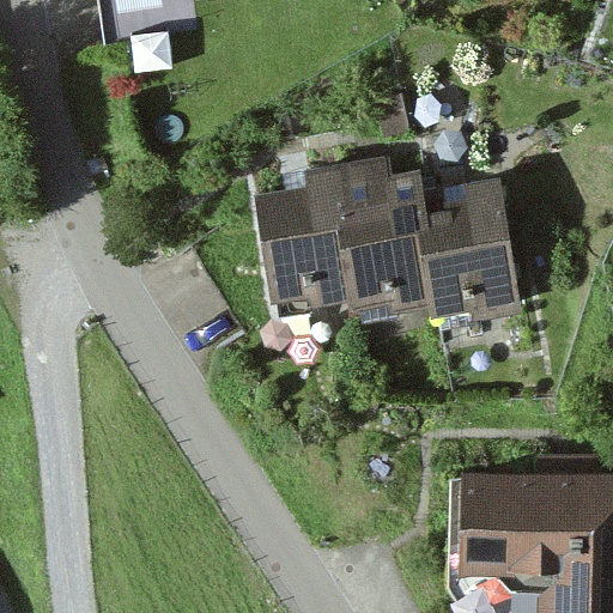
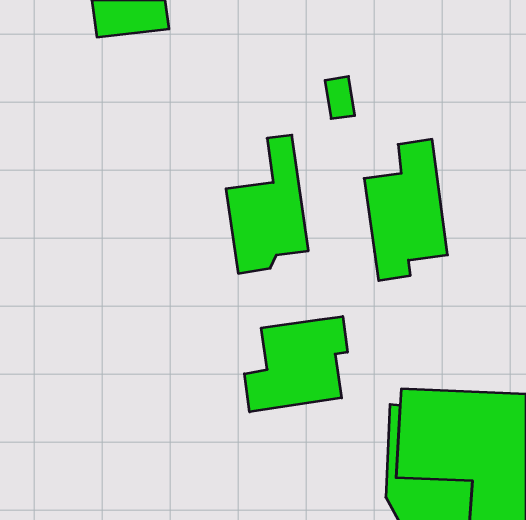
building: [339,159,435,326] -> none
building: none -> [244,316,347,412]

